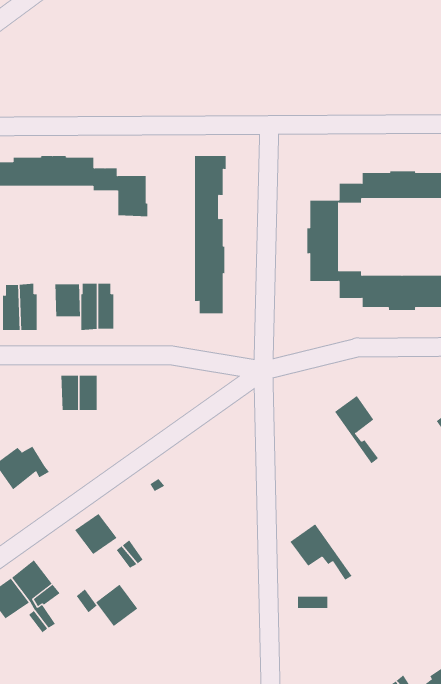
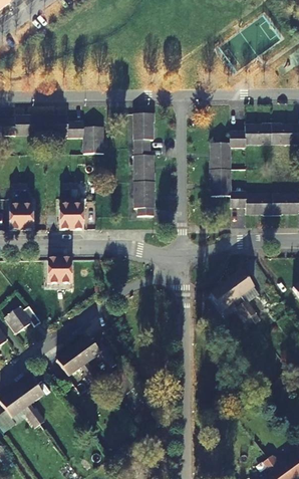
building: [55,283,80,317] -> none
building: [289,524,353,580] -> [209,282,250,319]
building: [95,584,138,627] -> [72,336,100,365]

